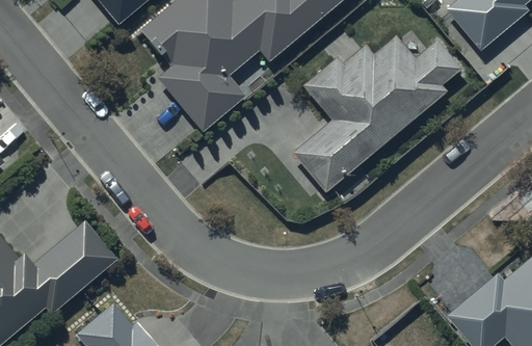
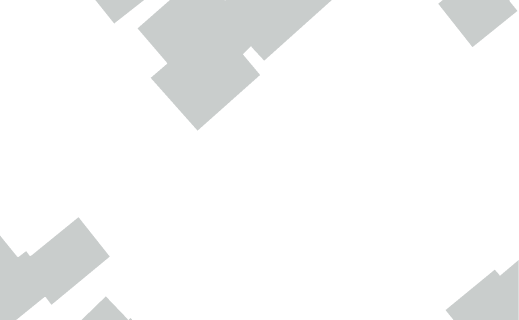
building: [292,35,462,189] -> none

